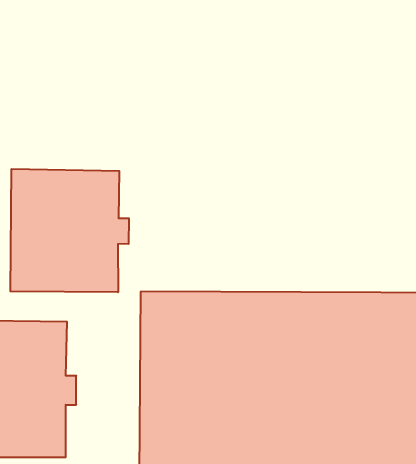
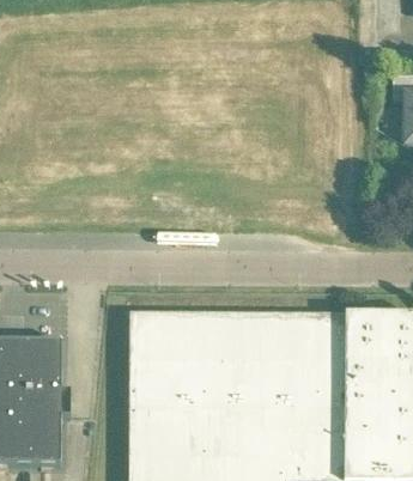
building: [10,169,129,292] -> none

